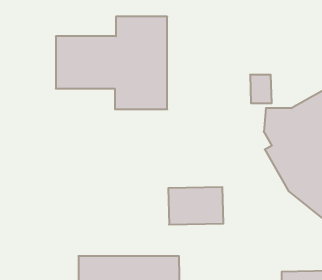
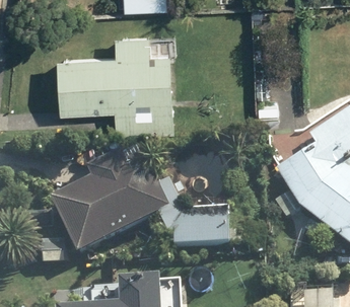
building: none -> [43,152,166,263]

